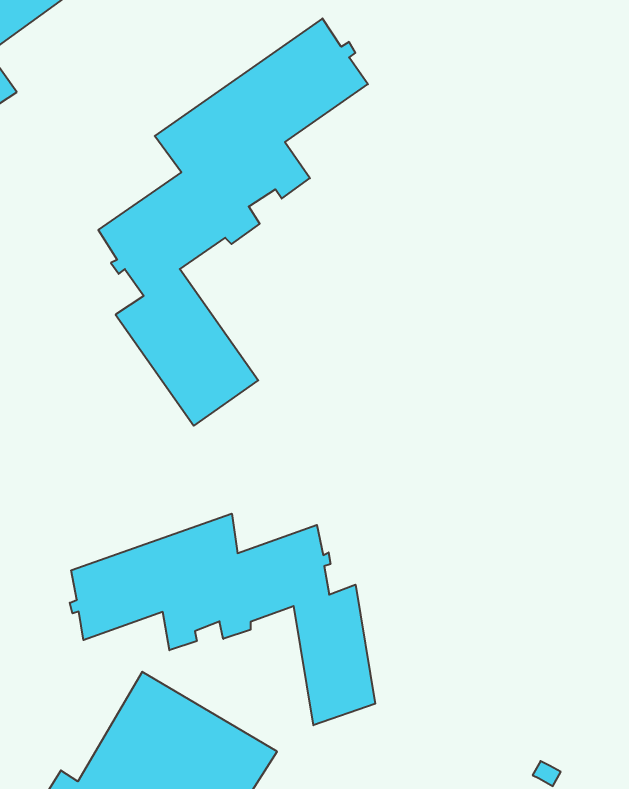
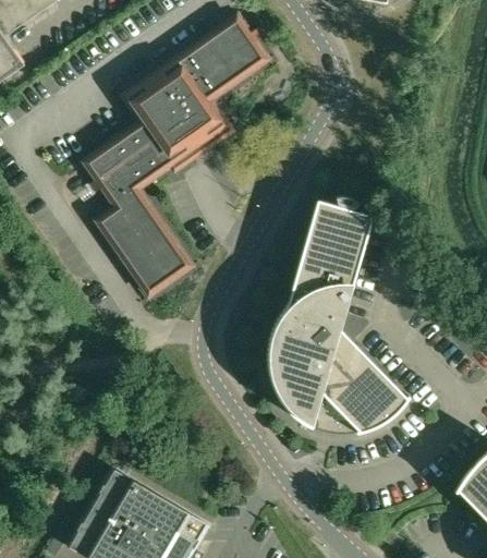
building: none -> [268,201,411,434]
building: [70,514,375,725] -> none

